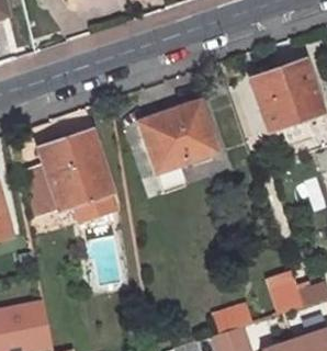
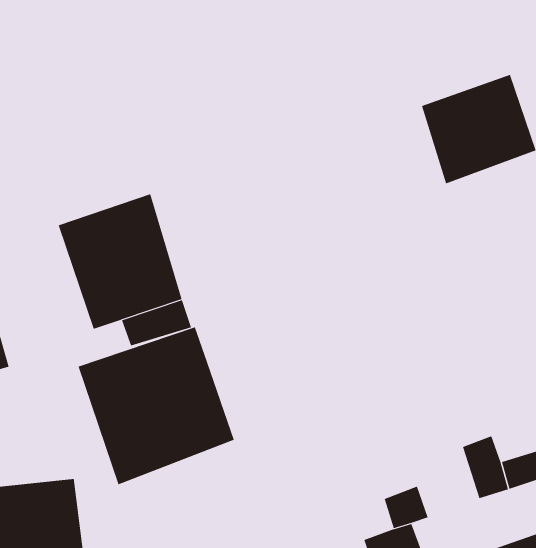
building: [142,98,219,174] -> none
building: none -> [78,326,235,485]

